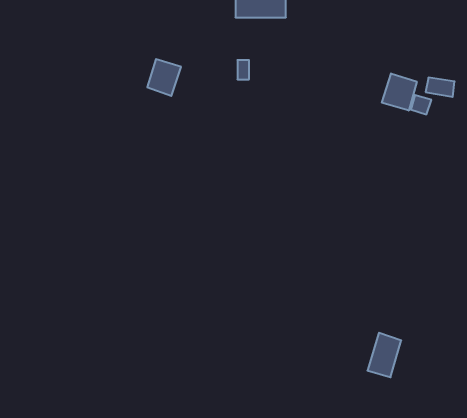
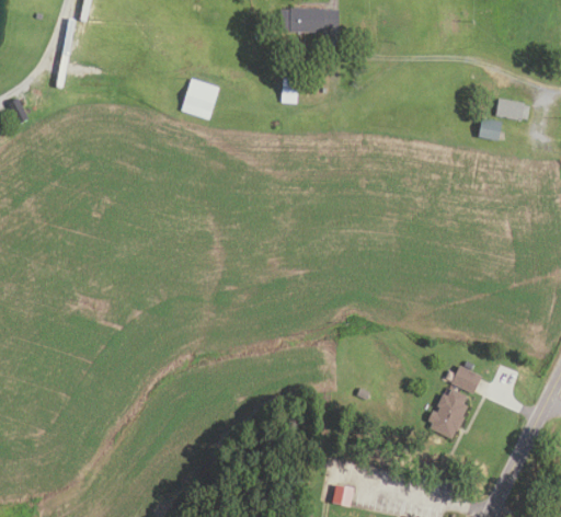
building: [382,73,417,111] -> none
building: none -> [451,366,481,392]

